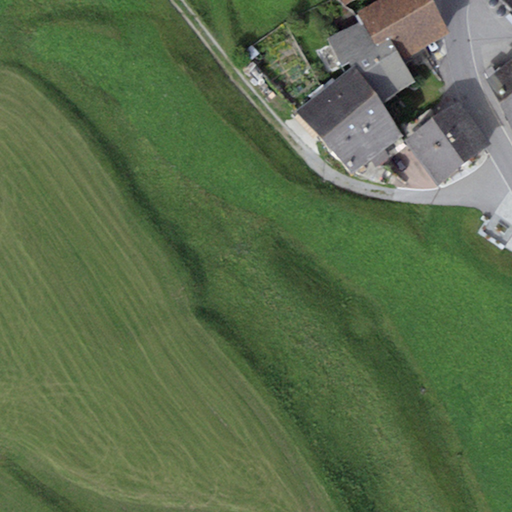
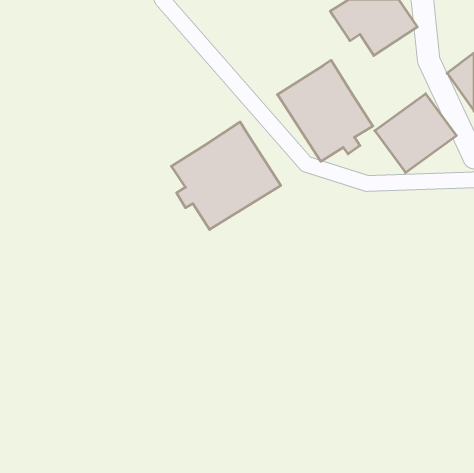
building: [327,18,415,102] -> none
building: none -> [171,122,281,230]

